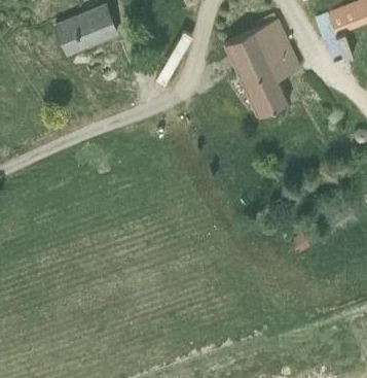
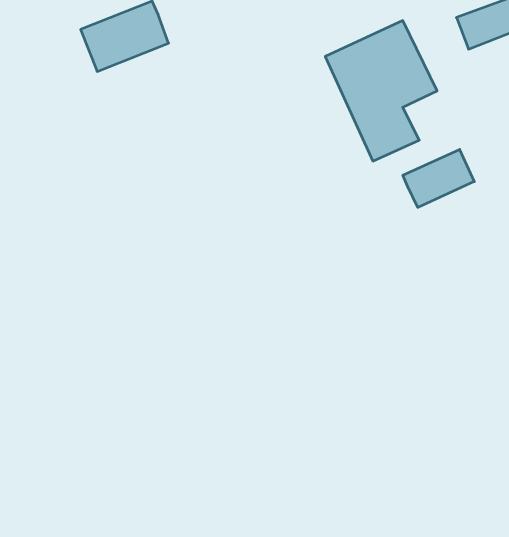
building: none -> [403,149,474,207]

